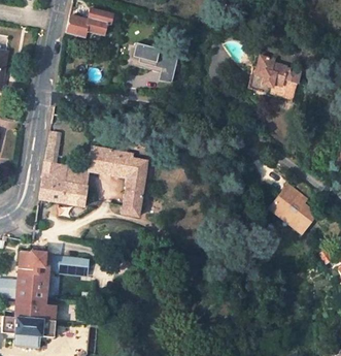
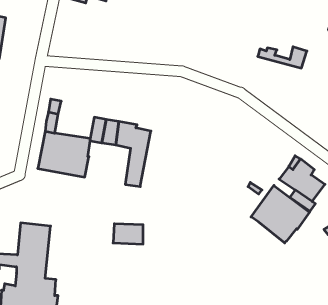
building: [131,41,177,82] -> none
building: [252,56,301,92] -> none
building: none -> [251,185,310,243]
building: [59,255,88,274] -> [113,224,143,244]

